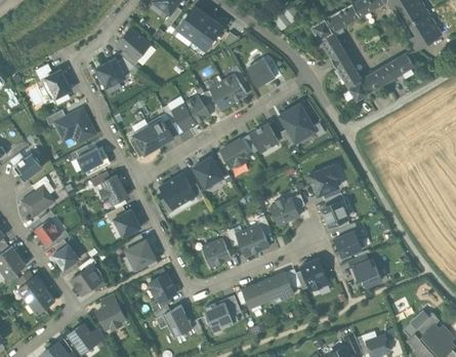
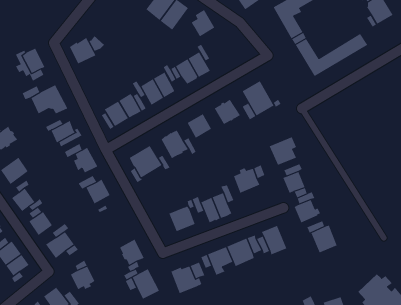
building: [117,28,150,61] -> none
building: [249,57,275,87] -> [191,9,215,37]
building: [126,239,156,269] -> none

